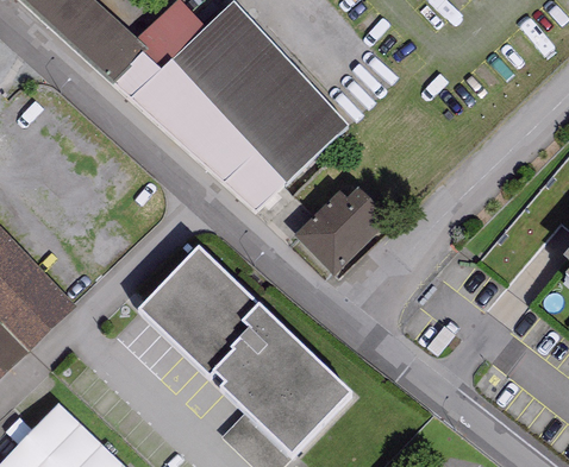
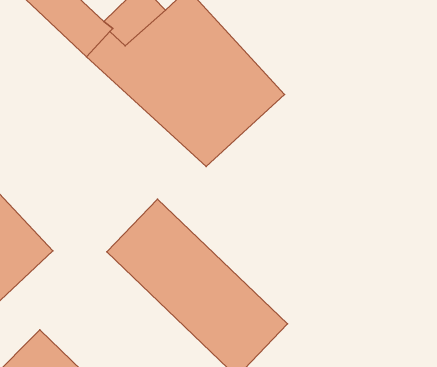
building: [294,187,390,276] -> none

